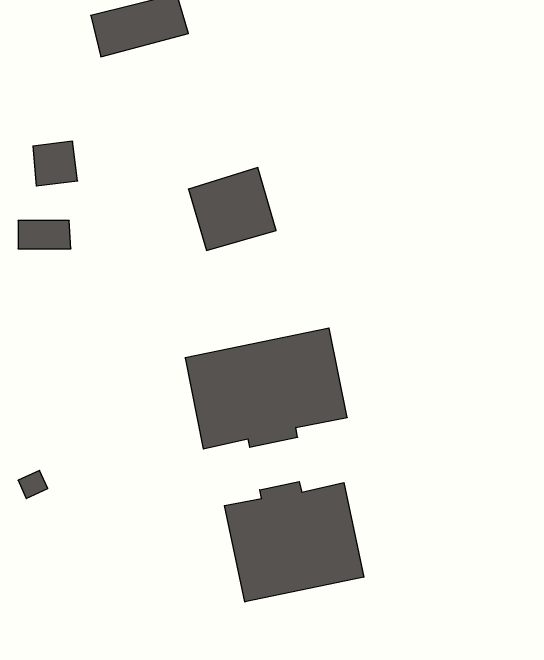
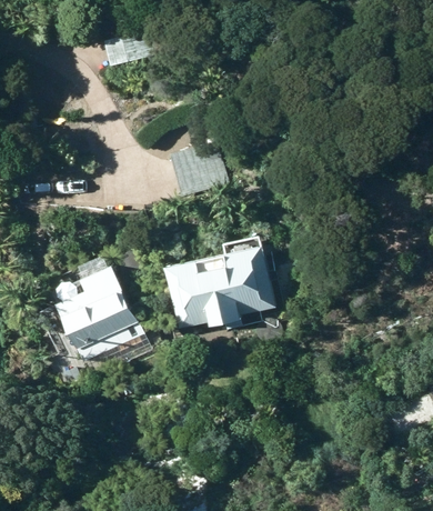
building: none -> [54,274,142,361]
building: [224,482,364,602] -> none

